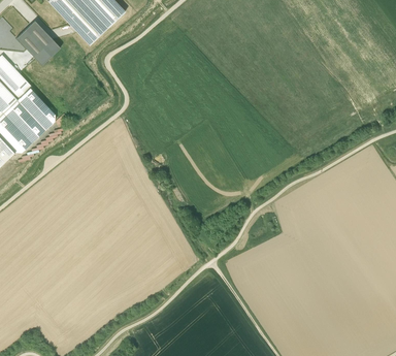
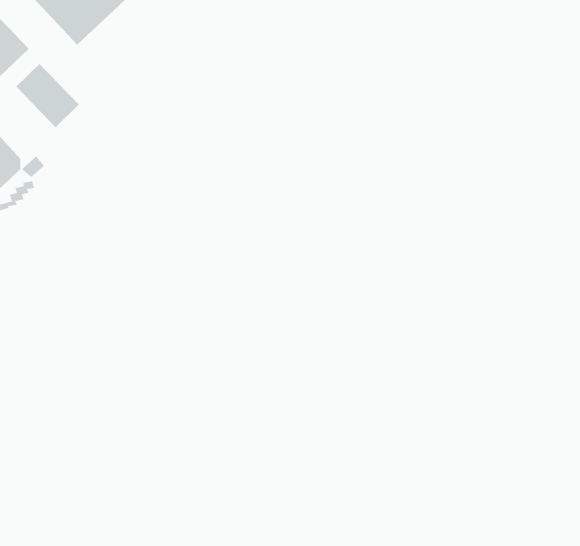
building: none -> [16,63,79,128]

